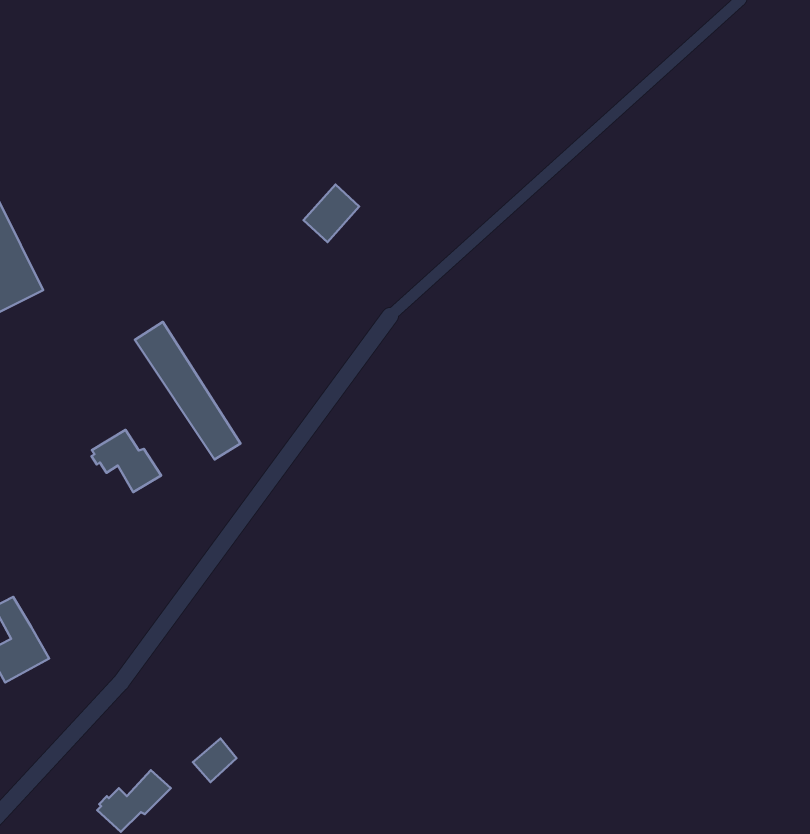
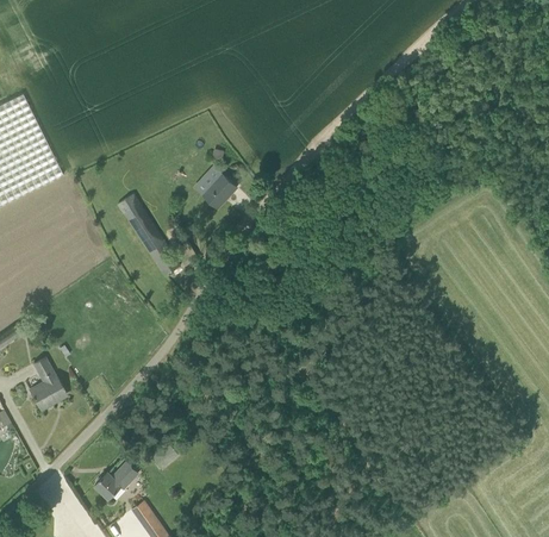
building: [303,184,359,242] -> [202,173,236,207]
building: [92,430,161,492] -> none

